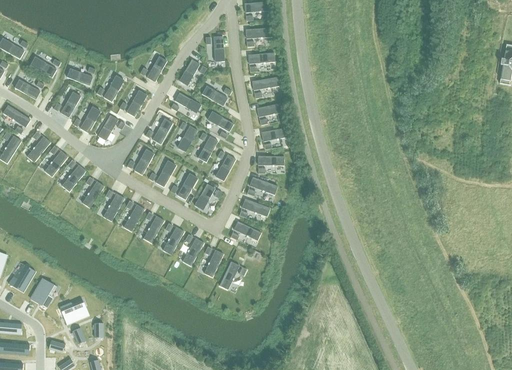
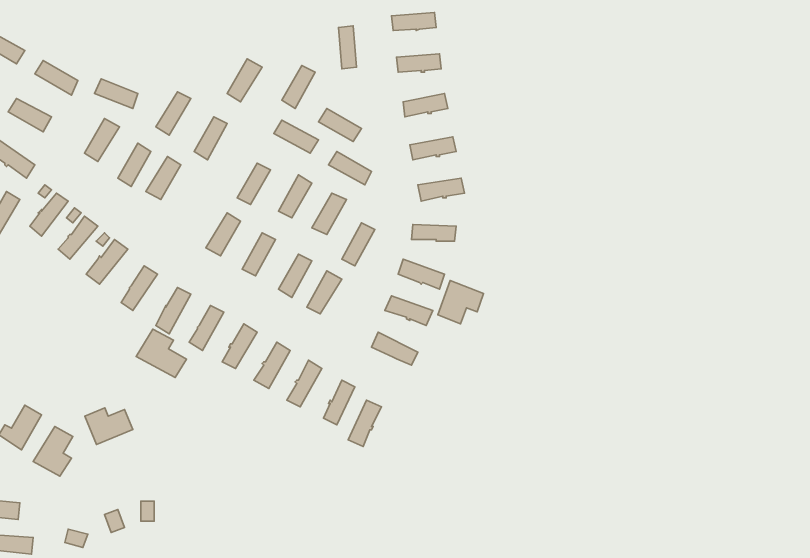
building: none -> [438,280,483,324]
building: none -> [136,329,187,378]
building: [58,301,87,323] -> [85,408,133,444]

